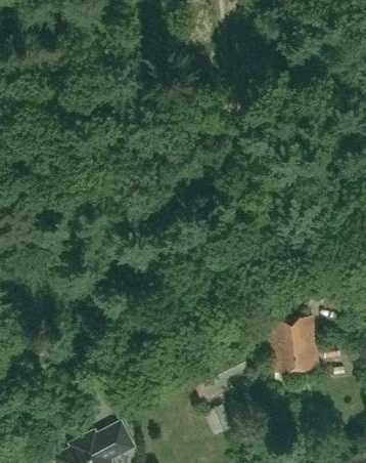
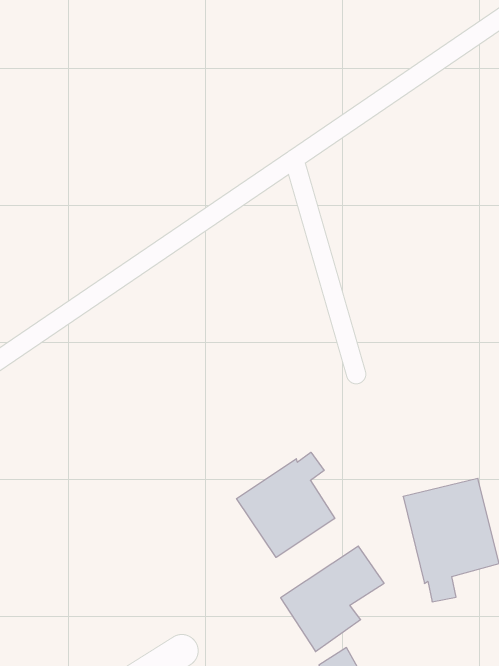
building: none -> [237,452,335,557]

